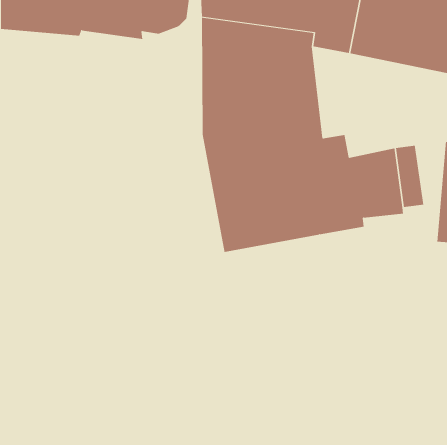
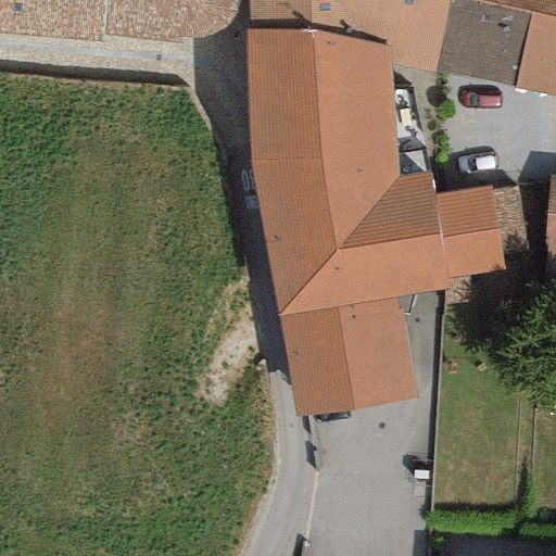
building: none -> [279,290,417,416]

